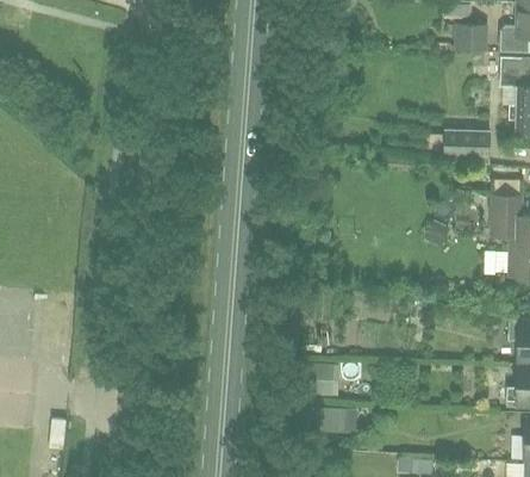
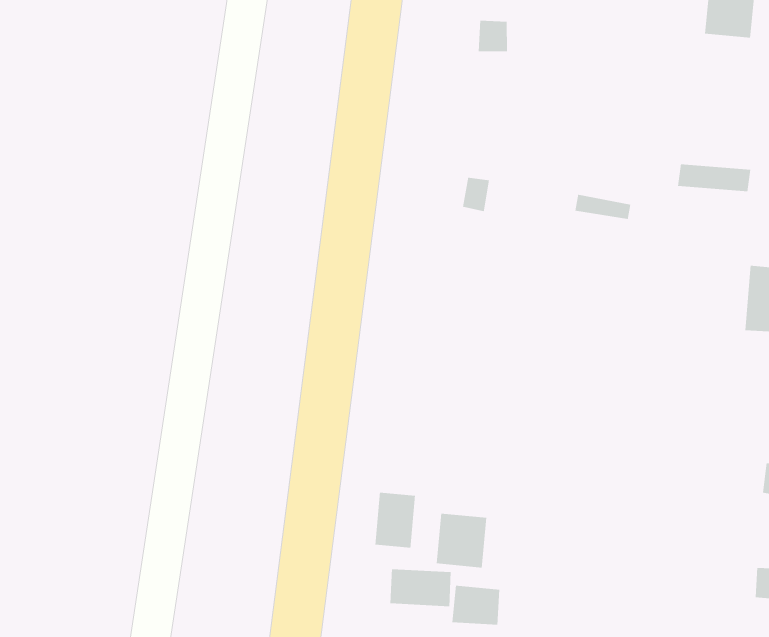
building: none -> [375,492,416,548]
building: none -> [390,568,451,607]

